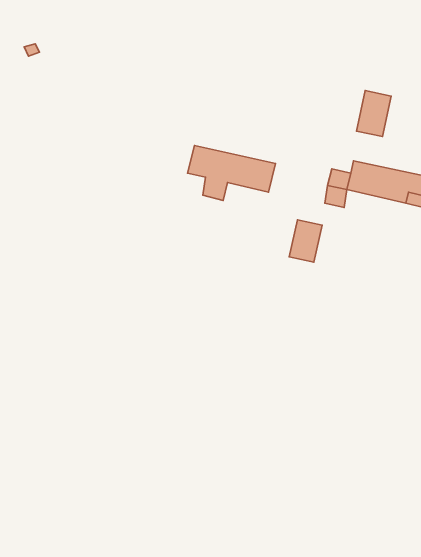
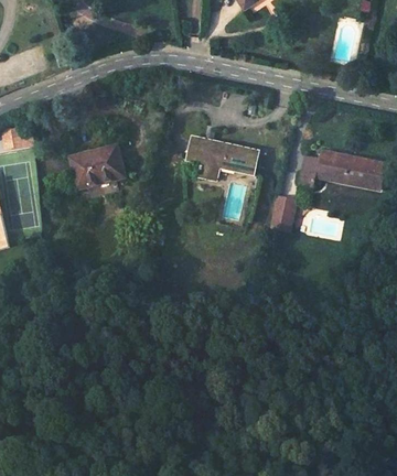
building: [357,91,391,137] -> none
building: none -> [69,144,126,188]

